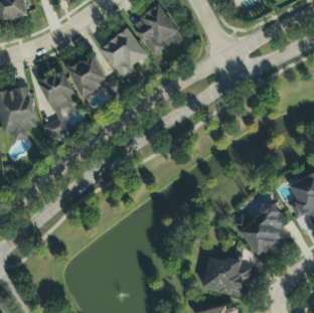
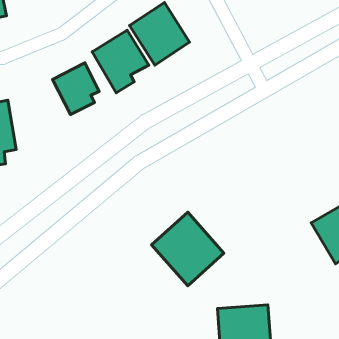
building: [39,70,77,139] -> none
building: [234,195,295,257] -> [152,212,224,286]

